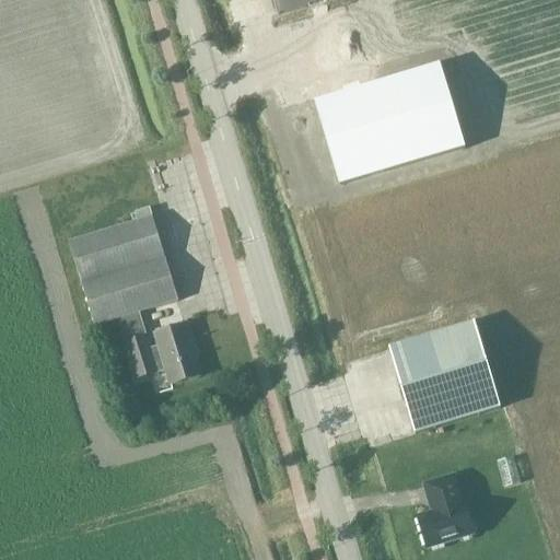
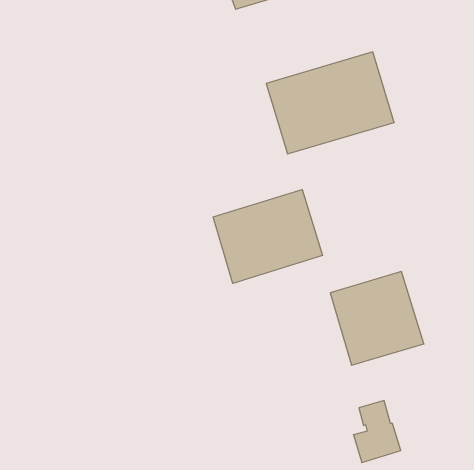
building: [69,205,201,382] -> none
building: none -> [213,190,323,283]

